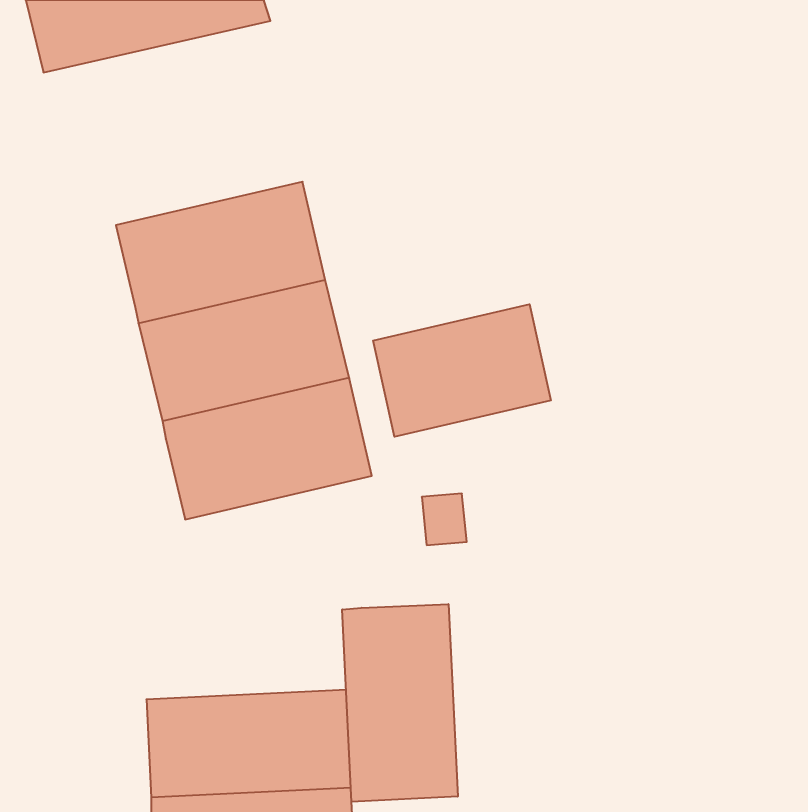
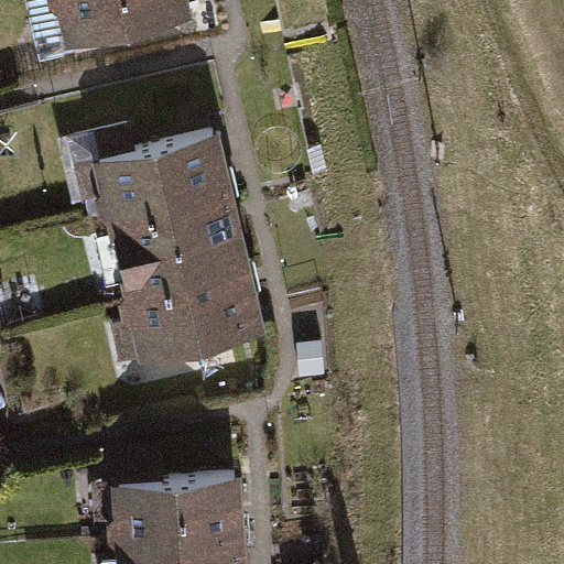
building: [373,304,551,437] -> none
building: [342,604,458,802] -> none

